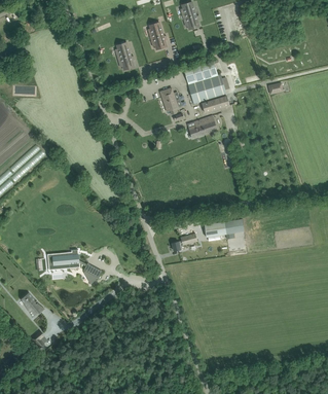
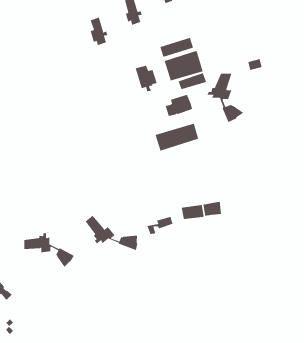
building: none -> [206,73,245,123]
building: none -> [155,123,199,152]
building: none -> [85,215,138,251]

